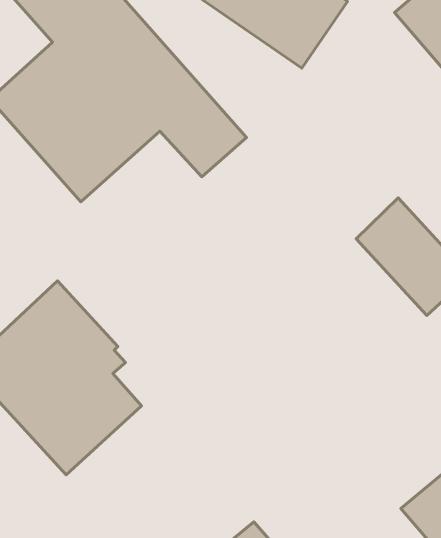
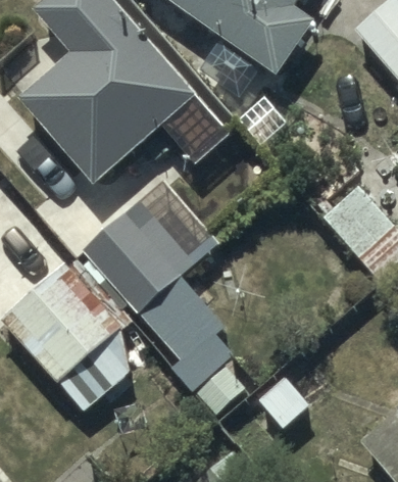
building: none -> [82,213,246,415]

